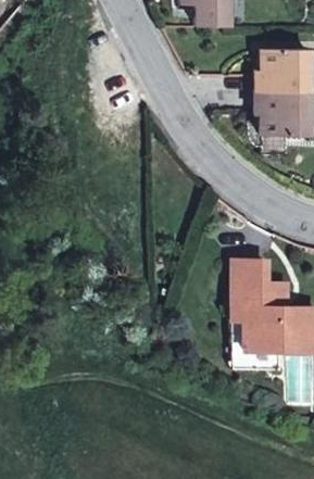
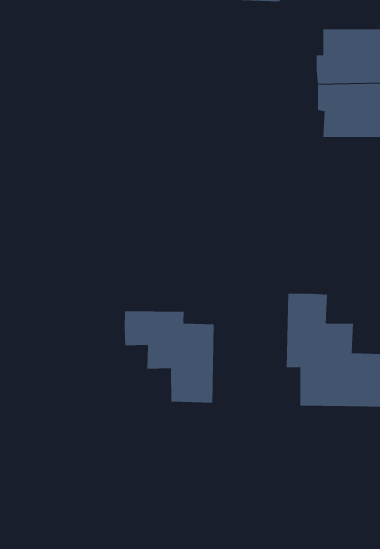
building: none -> [124,310,214,404]

